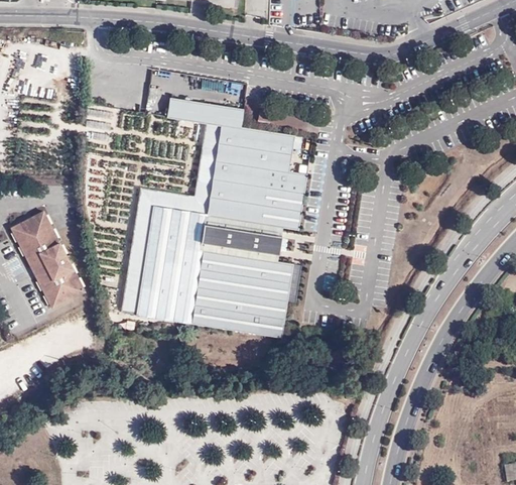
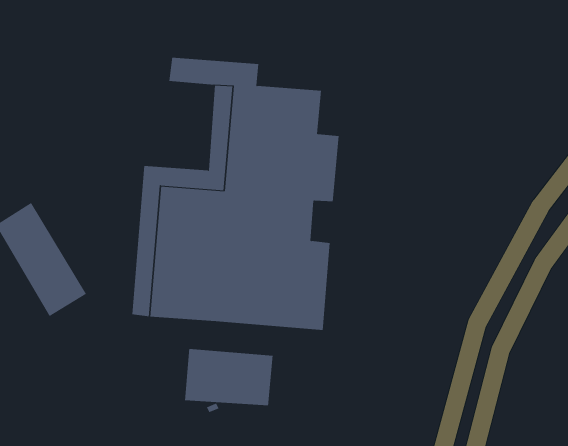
building: none -> [185,348,273,406]

